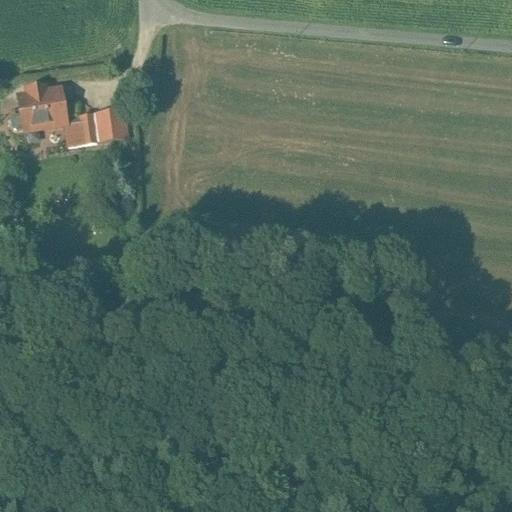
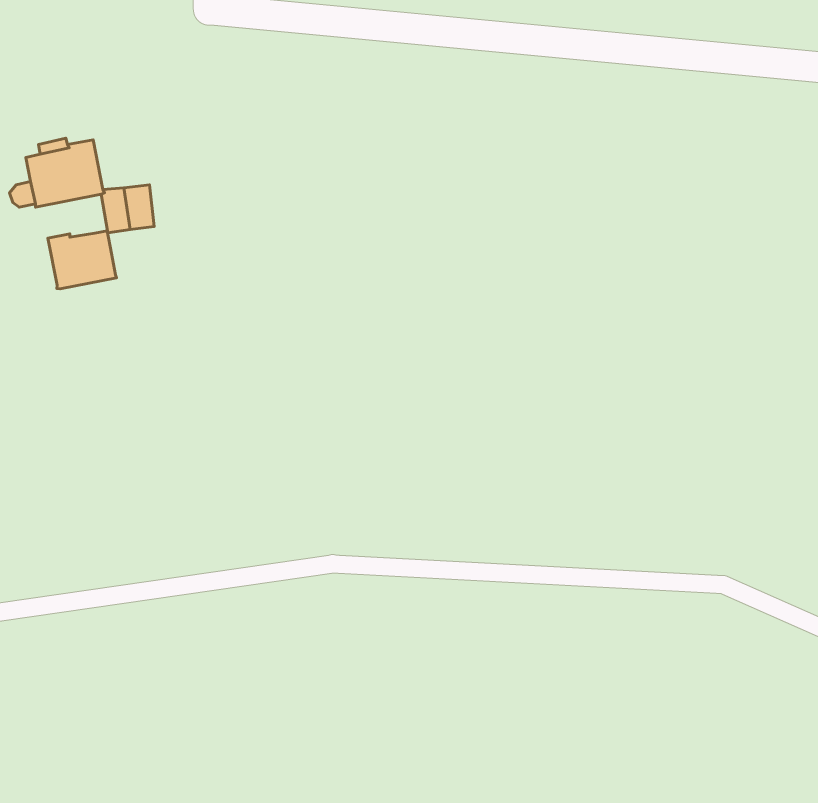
building: [95,111,129,141] -> none
building: none -> [48,231,117,289]

